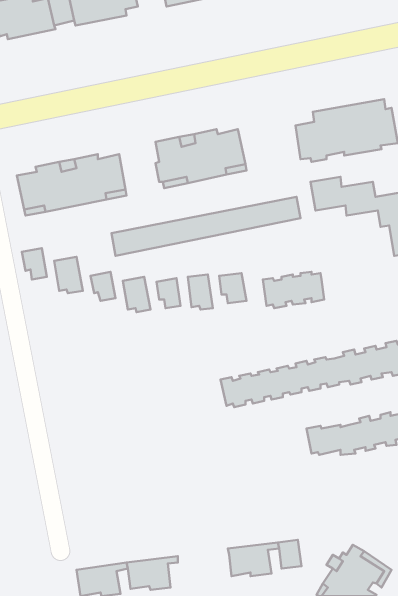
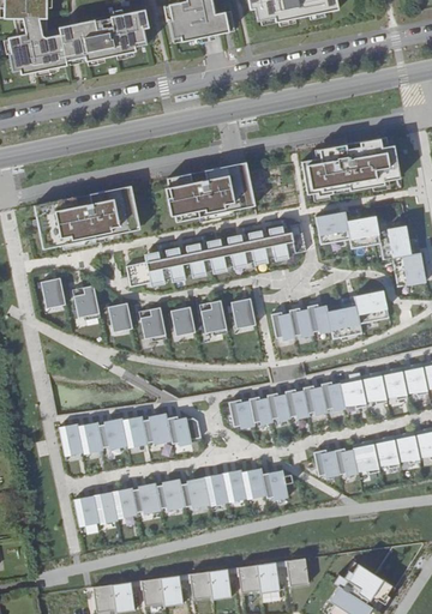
building: none -> [328,289,389,336]
building: none -> [58,411,199,455]
building: none -> [73,470,293,524]
building: none -> [190,566,239,600]

